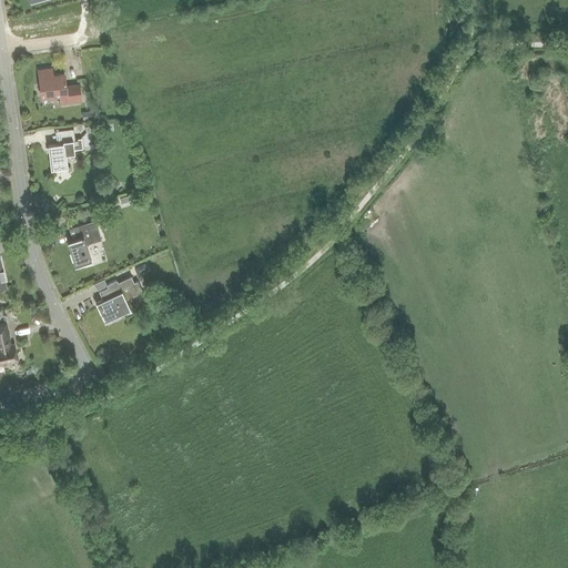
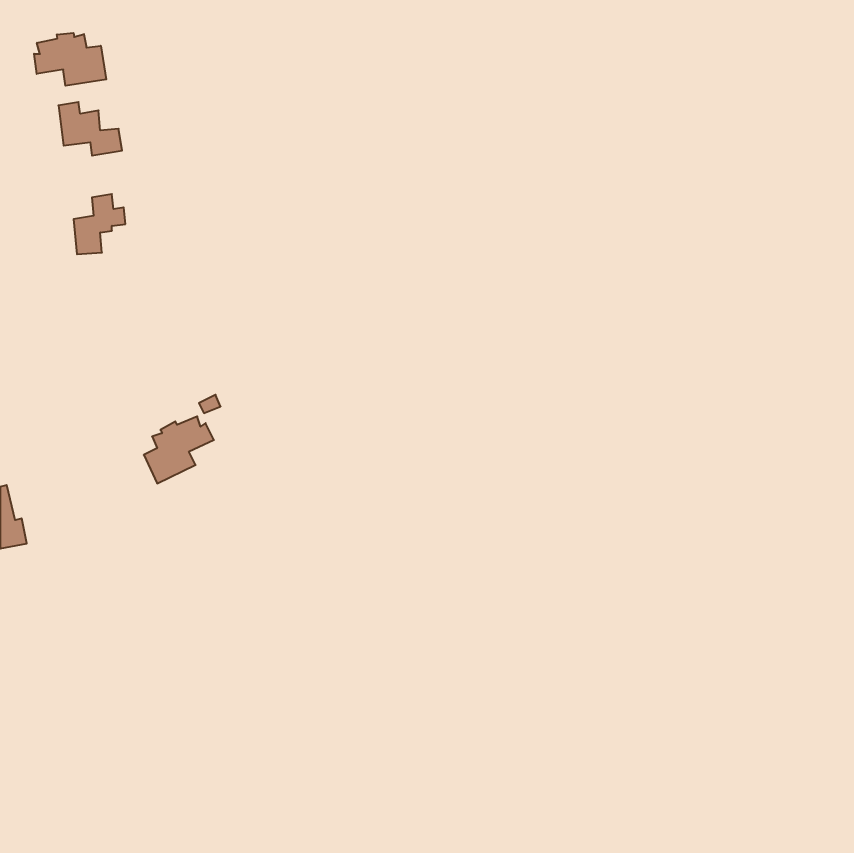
building: none -> [34,33,106,86]
building: [68,222,102,266] -> none

